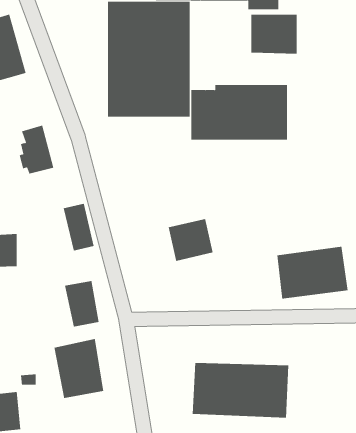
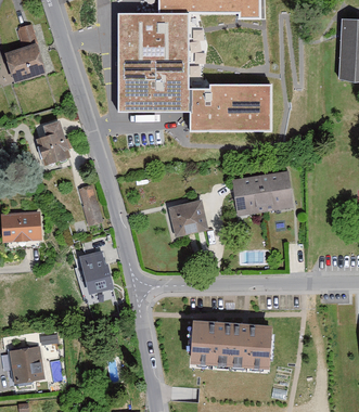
building: [251,14,297,54] -> none
building: [276,246,349,299] -> [231,172,293,218]
building: [54,338,104,399] -> none

